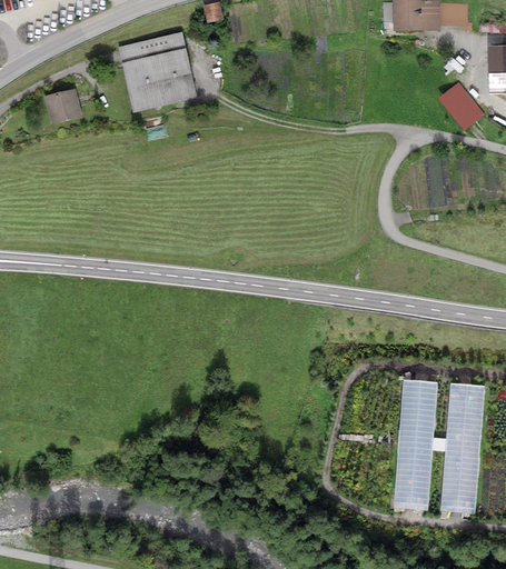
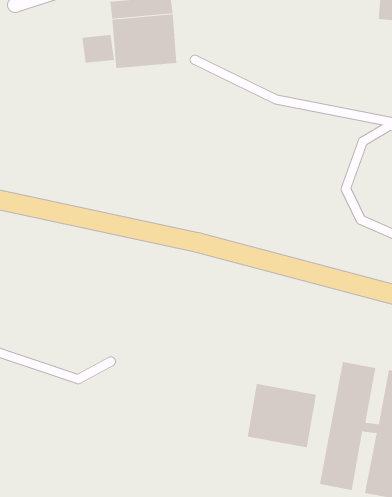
building: [43,89,80,121] -> [81,35,115,63]
building: none -> [247,383,316,448]

